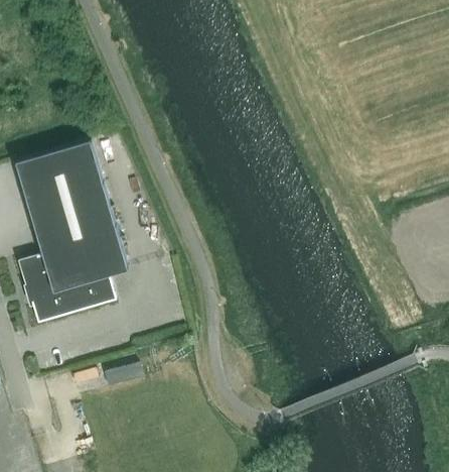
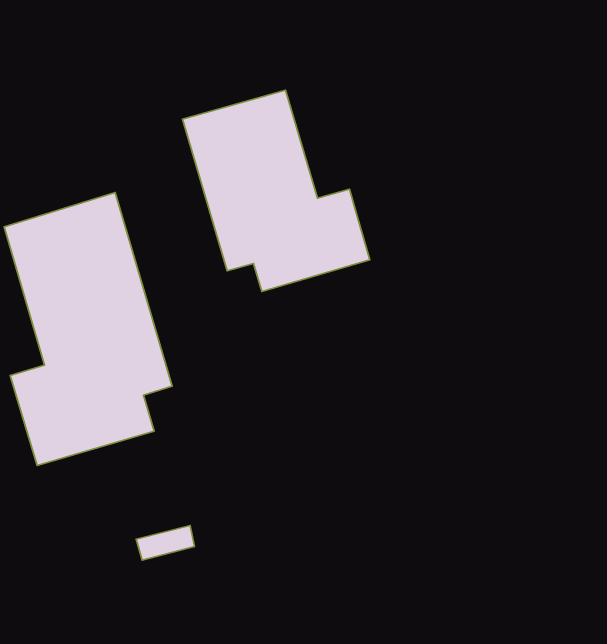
building: none -> [182,90,370,291]

